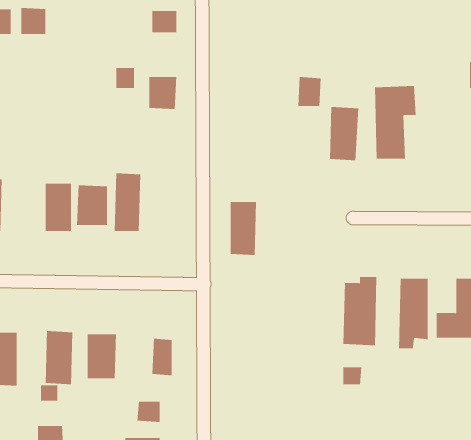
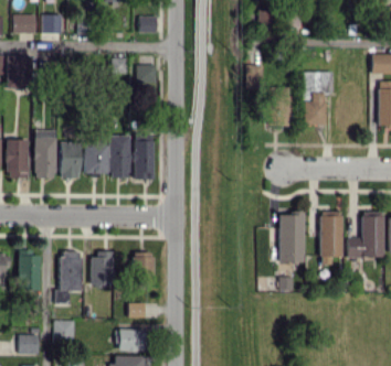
building: none -> [34,129,57,177]
building: [230,201,257,256] -> [135,140,155,180]

